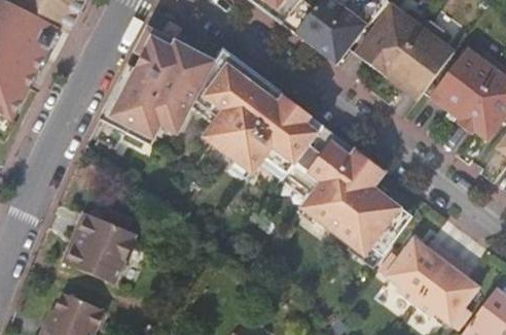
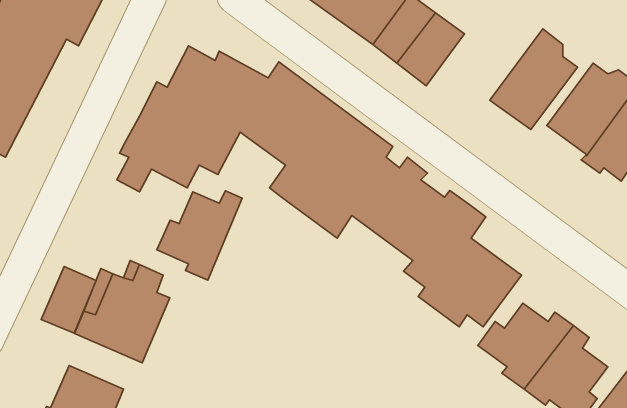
building: [355,6,427,78] -> none
building: none -> [157,191,242,280]
building: none -> [41,266,96,333]

